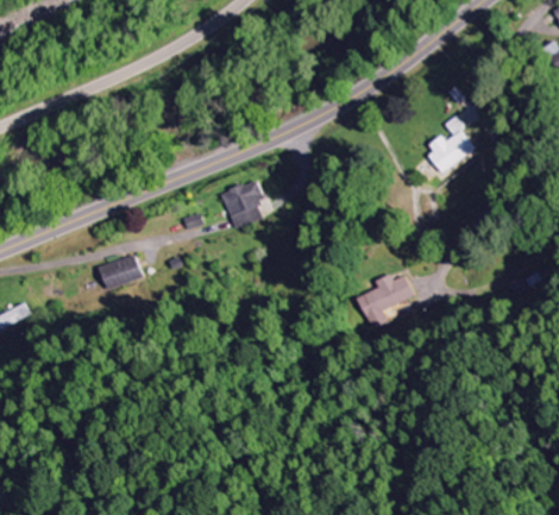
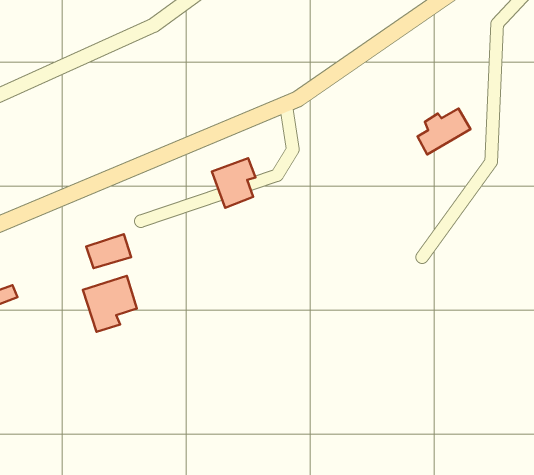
building: [356,274,414,328] -> none
building: none -> [83,276,137,332]

